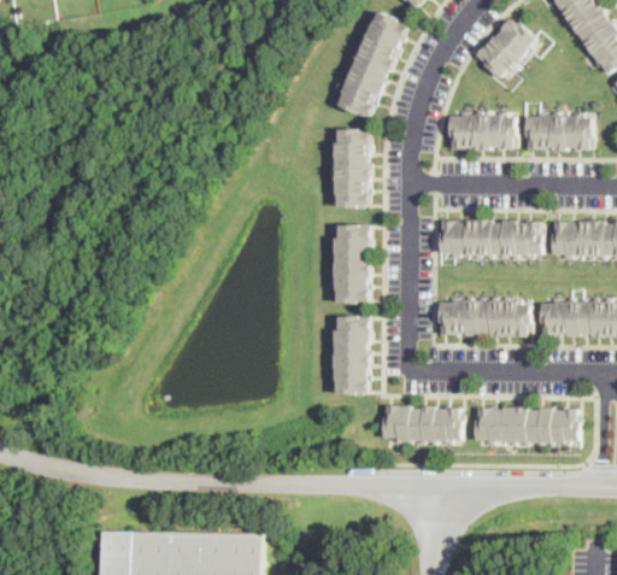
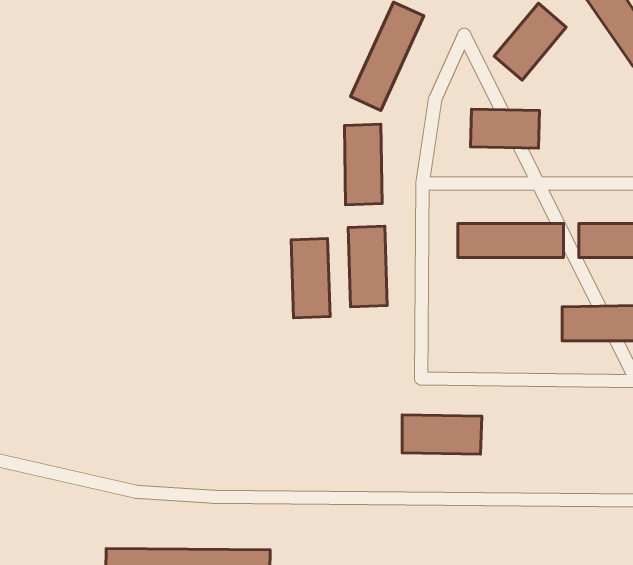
building: [527,113,593,149] -> none
building: [433,300,534,333] -> none
building: [331,317,369,393] -> [291,238,330,318]
building: [477,412,577,444] -> none

